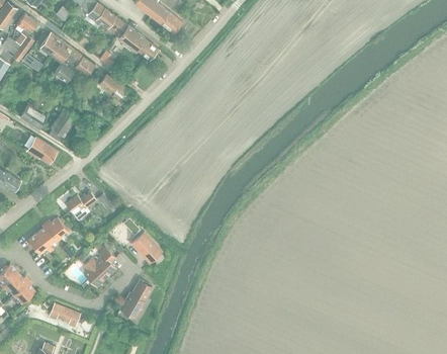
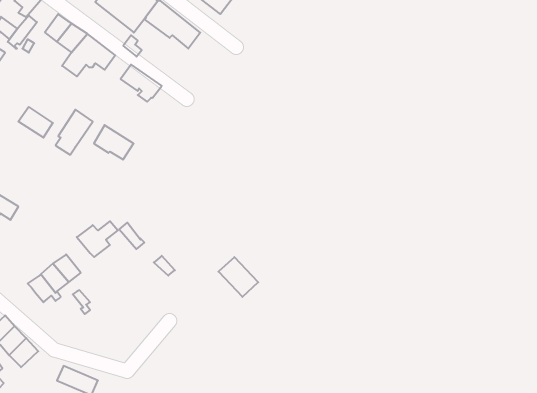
building: [25,136,56,162] -> [94,125,134,160]
building: [130,232,161,262] -> [218,257,258,297]
building: [83,245,115,285] -> none
building: [119,278,152,318] -> none

